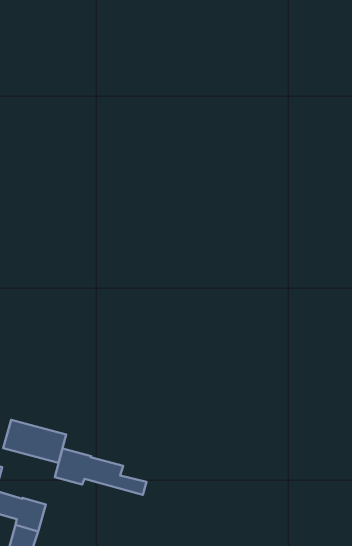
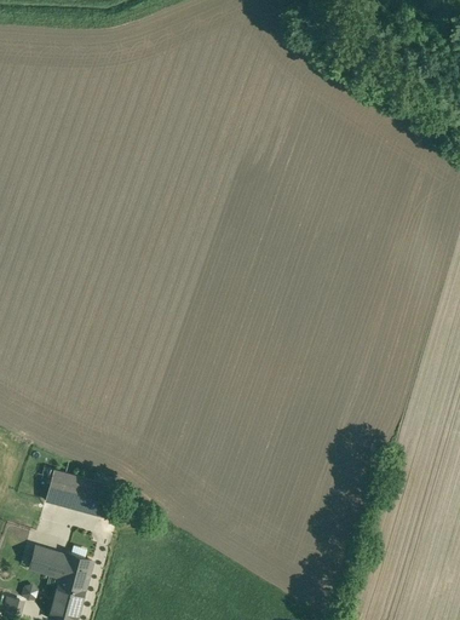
building: [55,448,147,495] -> none

